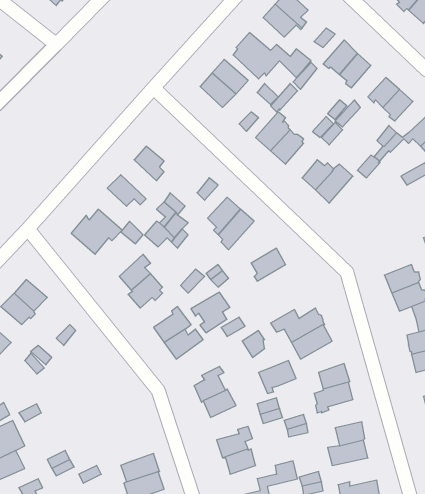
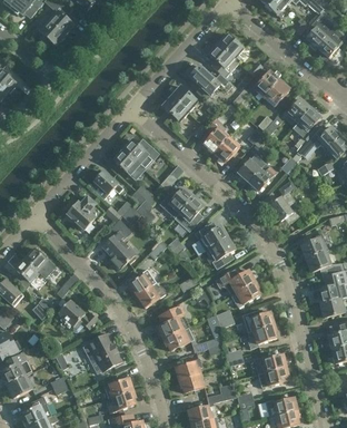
building: none -> [122,138,158,168]
building: none -> [269,179,299,224]
building: [191,292,230,333] -> [205,237,234,268]
building: none -> [58,300,97,329]
building: none -> [82,332,122,371]

